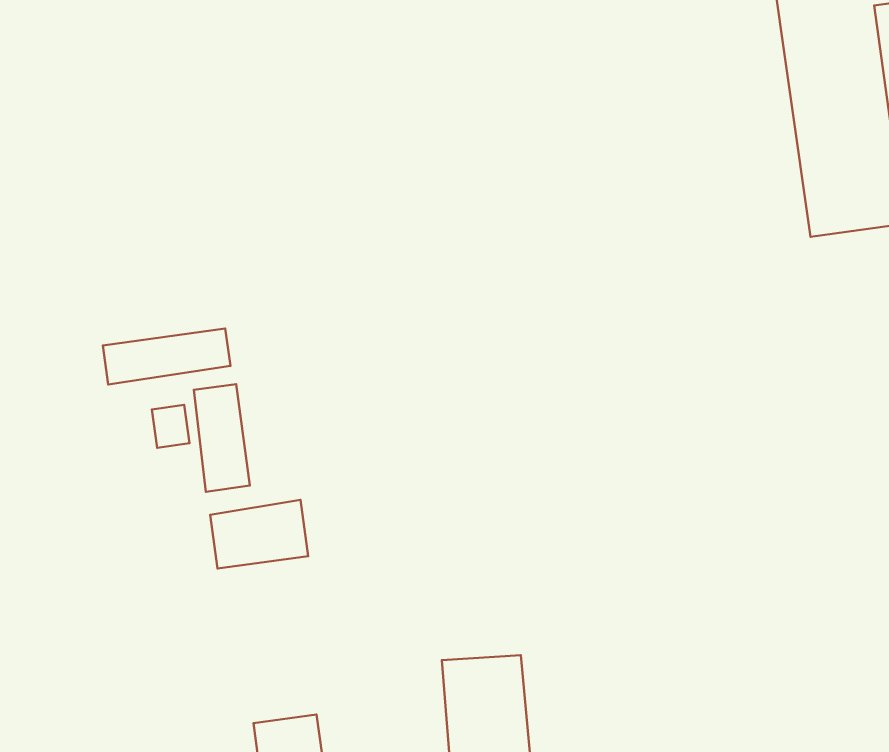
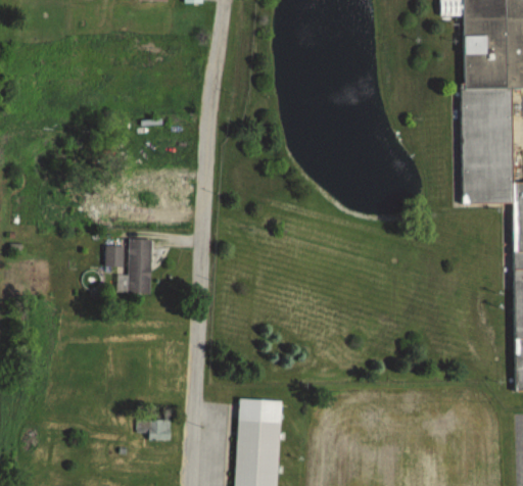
building: [103,329,230,384] -> none
building: [210,500,308,568] -> none

